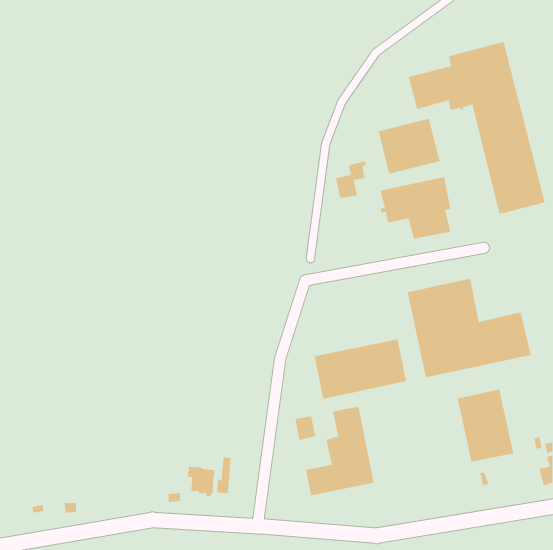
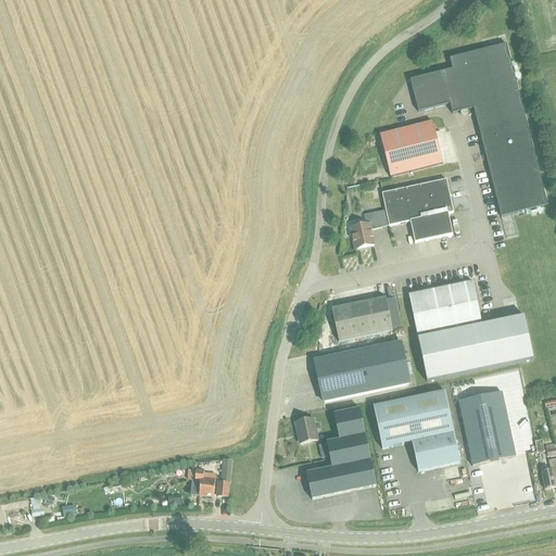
building: [335,161,366,199] -> [351,208,382,247]
building: none -> [331,295,392,340]
building: none -> [374,389,459,469]

